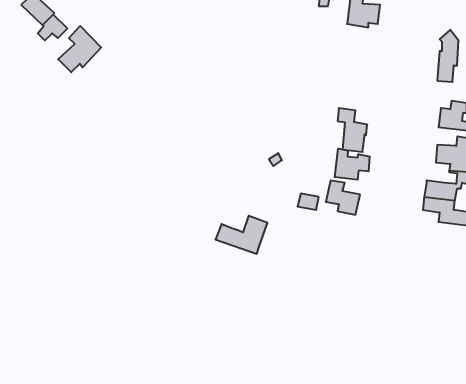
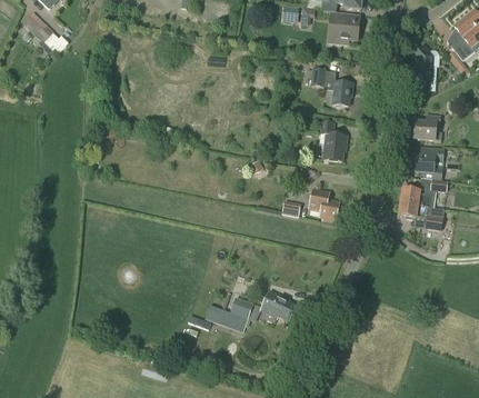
building: [58,26,101,72] -> none
building: none -> [310,67,352,105]
building: [335,149,370,180] -> none
building: [215,216,268,254] -> [204,296,253,331]
building: none -> [260,289,297,320]

